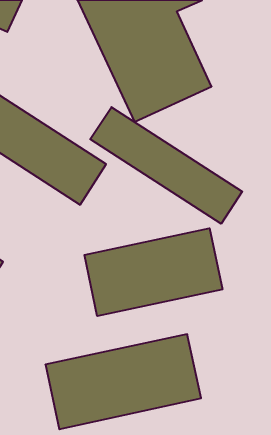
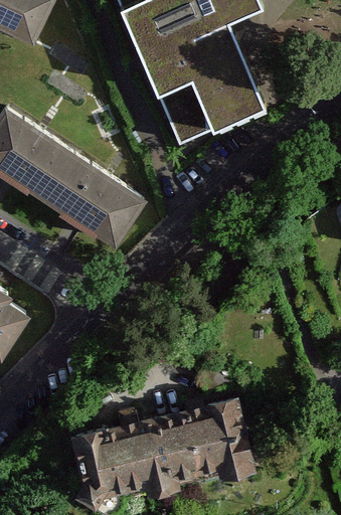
building: [90,107,242,224] -> none
building: [84,228,222,316] -> none

